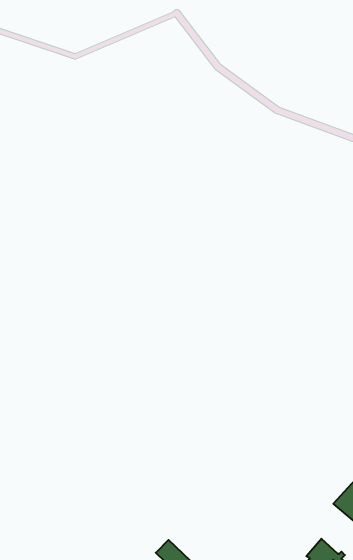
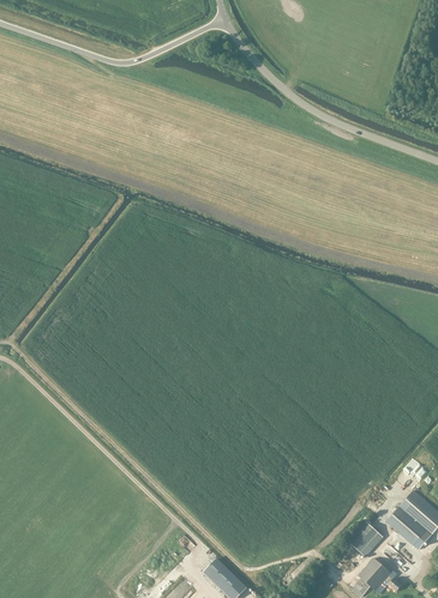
building: none -> [348,521,383,556]

